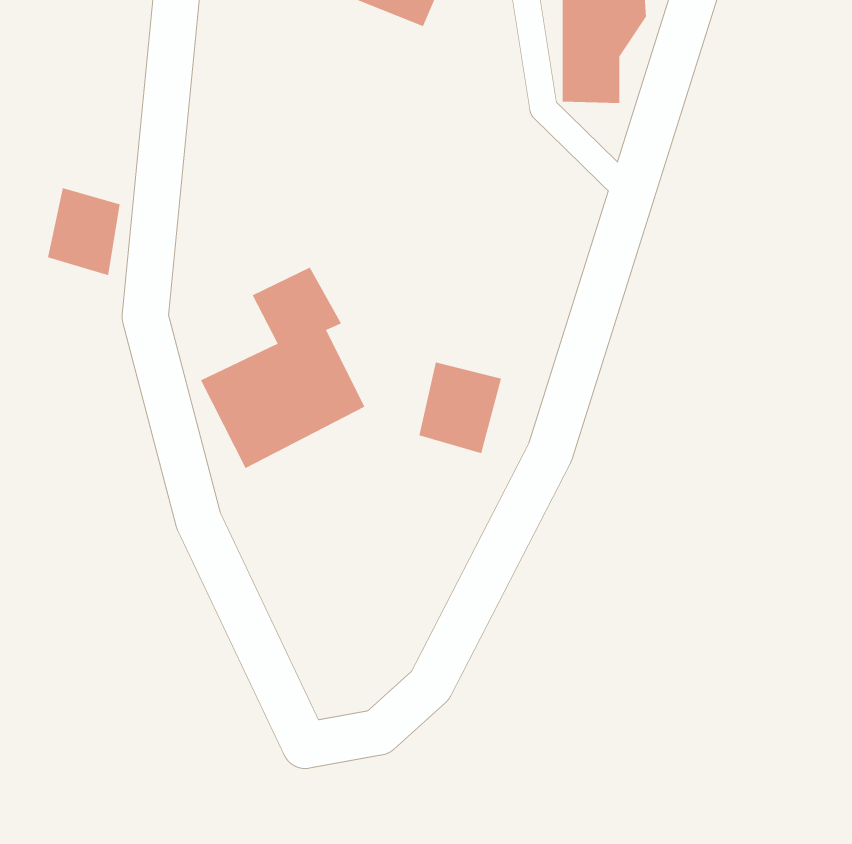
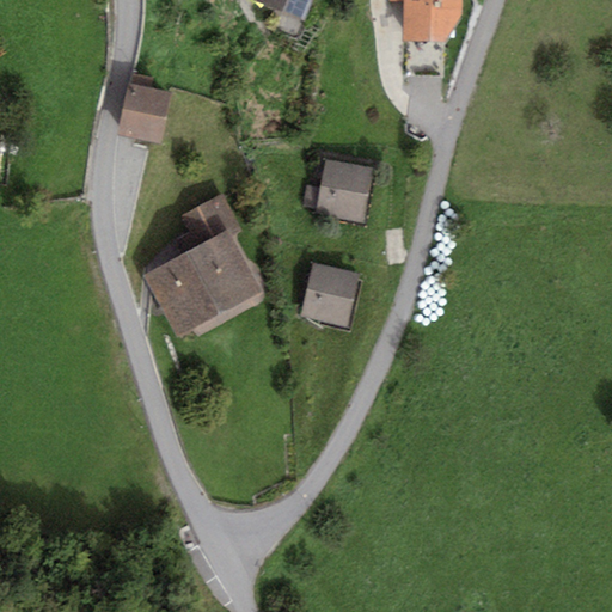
building: [47,187,121,276] -> [118,81,171,145]
building: none -> [302,157,377,224]

